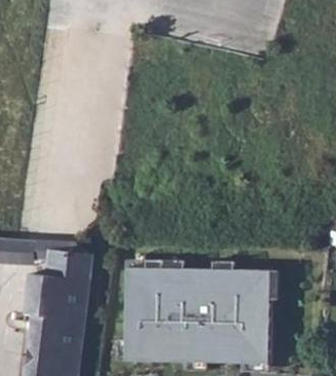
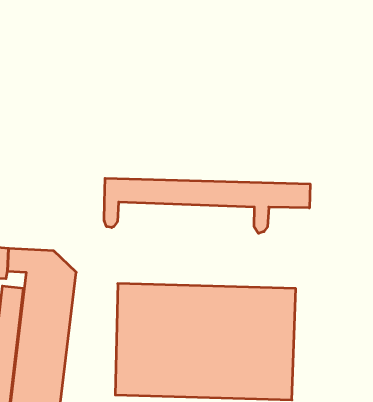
building: none -> [104,178,310,233]

